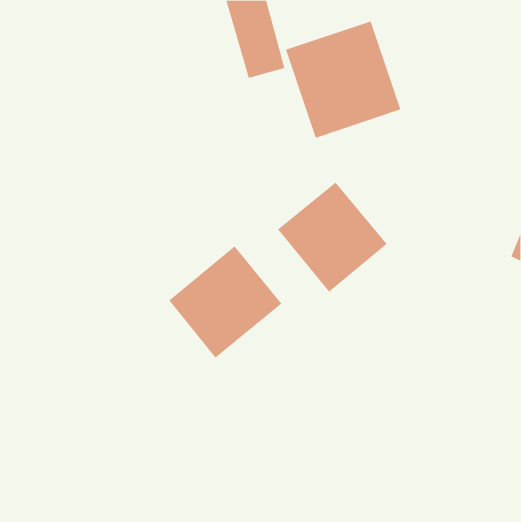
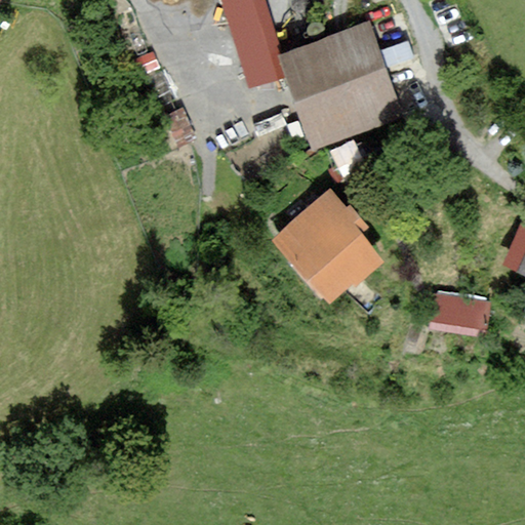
building: [169,245,282,358] -> none
building: none -> [430,296,486,336]

